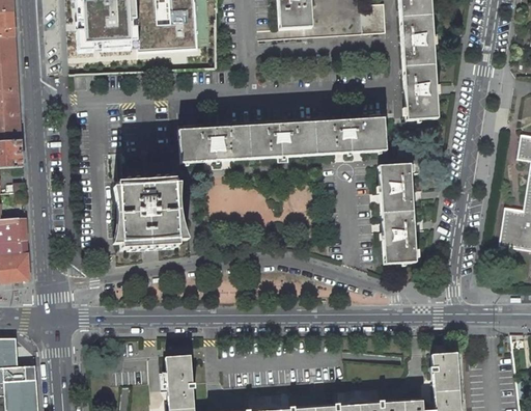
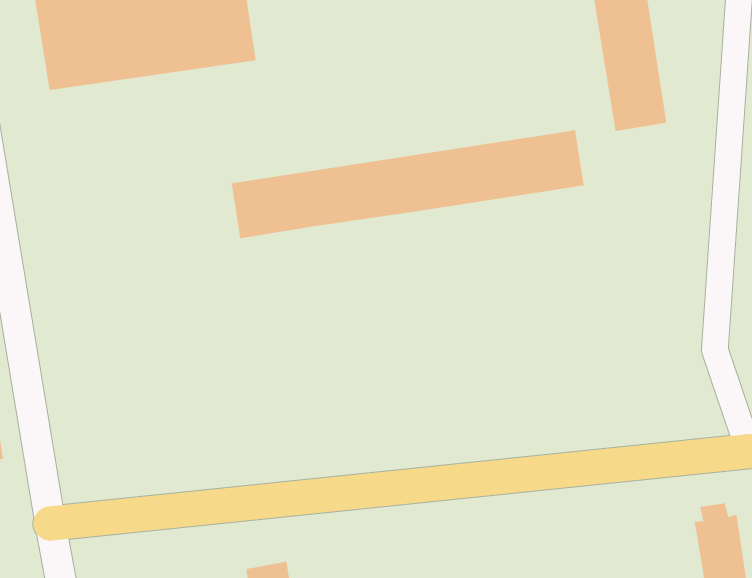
building: [379,163,416,264] -> none
building: [116,175,181,250] -> none

